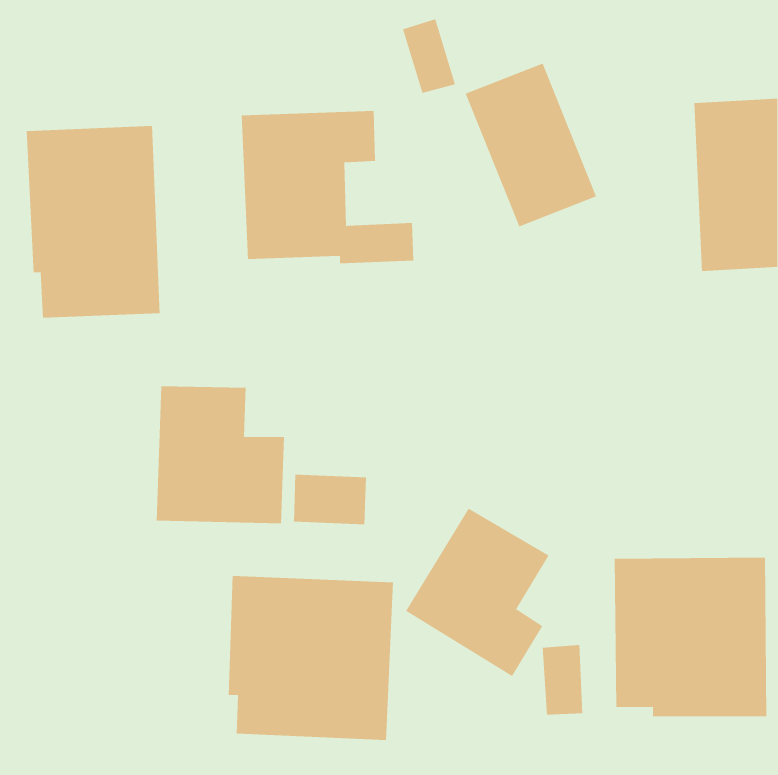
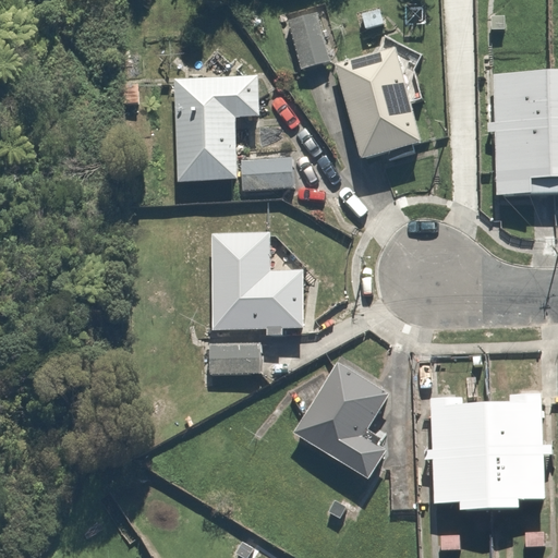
building: [26,125,160,319] -> none
building: [156,386,285,524] -> [211,233,303,331]
building: [228,575,393,741] -> none

